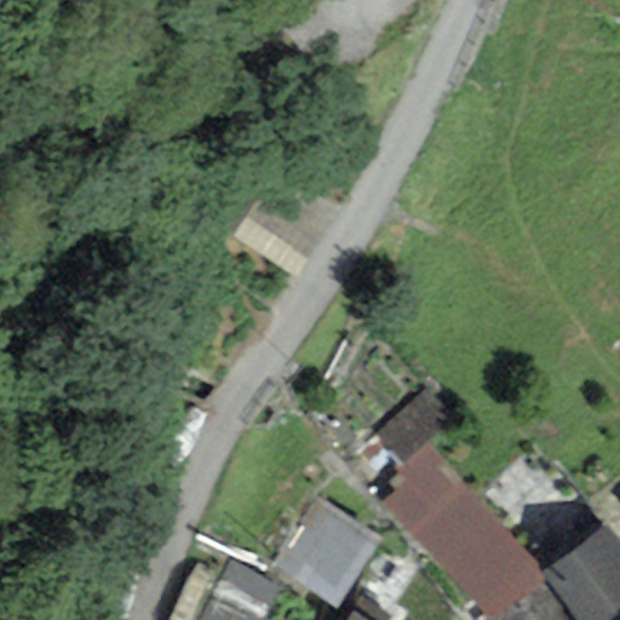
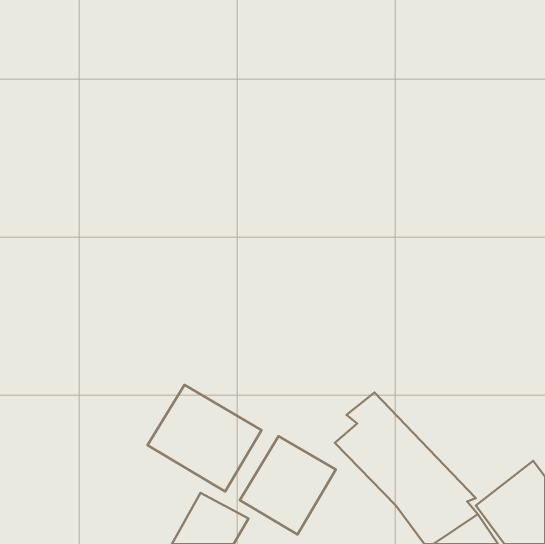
building: none -> [147,385,261,491]

